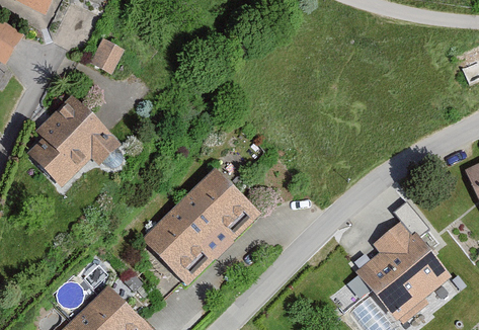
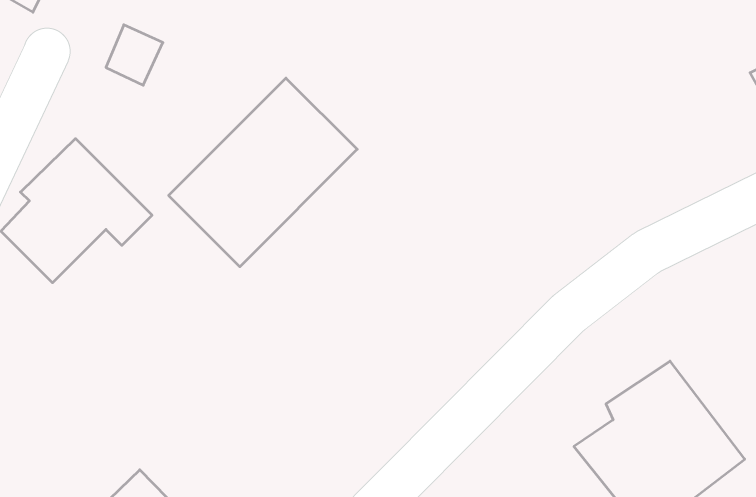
building: [146,169,253,276] -> [169,78,357,267]

